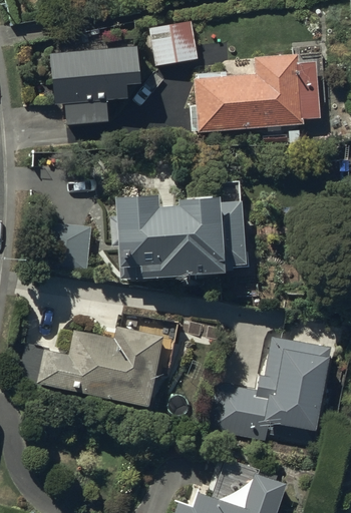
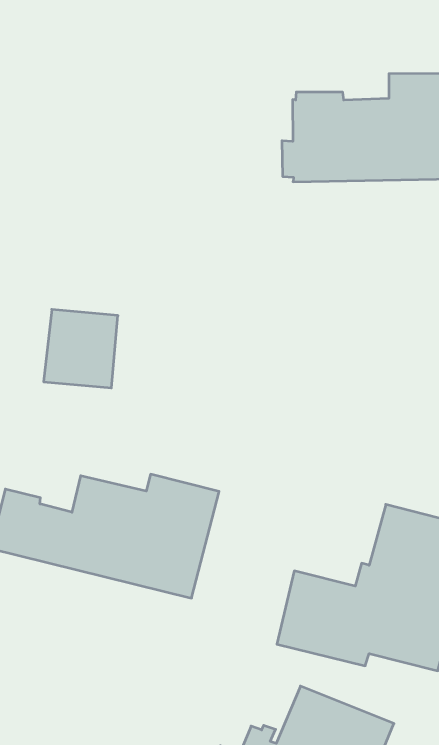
building: [152,23,200,66] -> none
building: [53,45,143,126] -> none
building: [115,192,246,276] -> none

